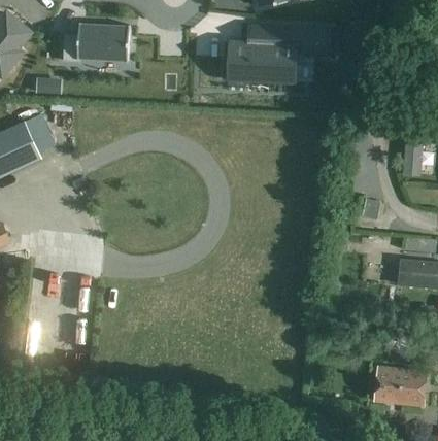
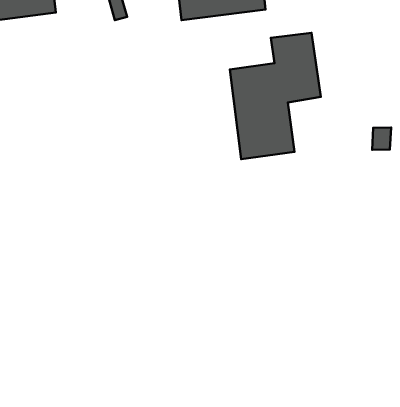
building: none -> [230,33,321,159]

